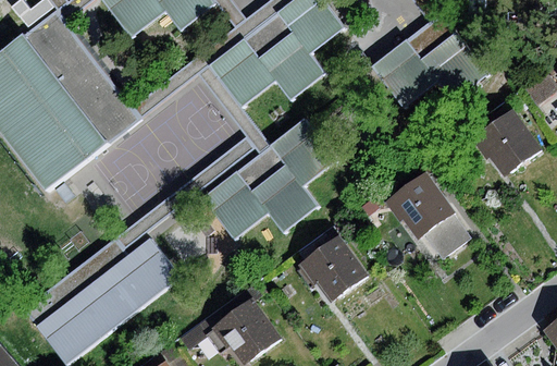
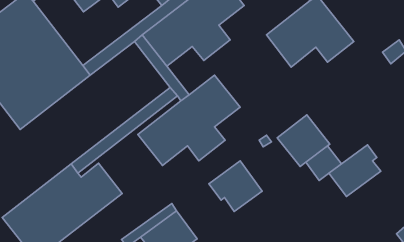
building: [470,108,542,174] -> none
building: none -> [329,145,381,197]

